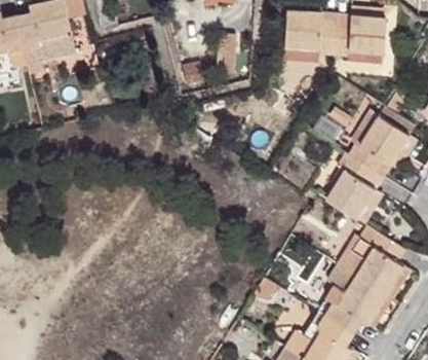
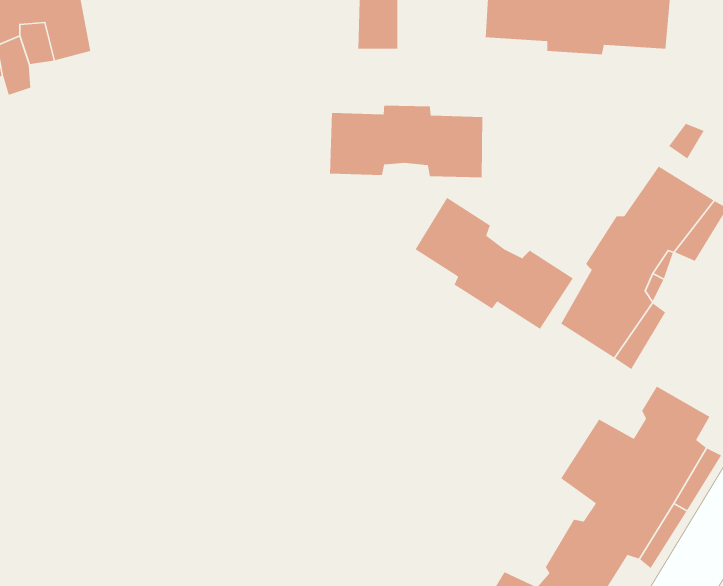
building: none -> [329,105,483,178]
building: none -> [415,197,574,330]

